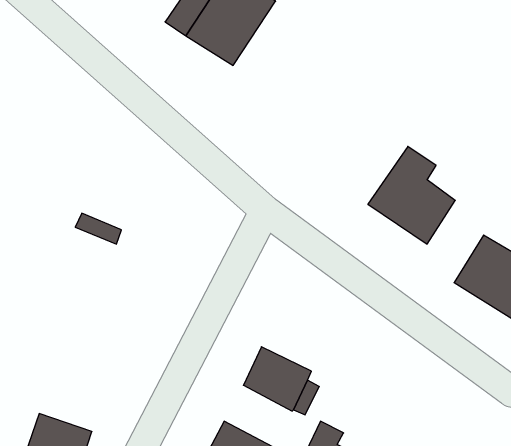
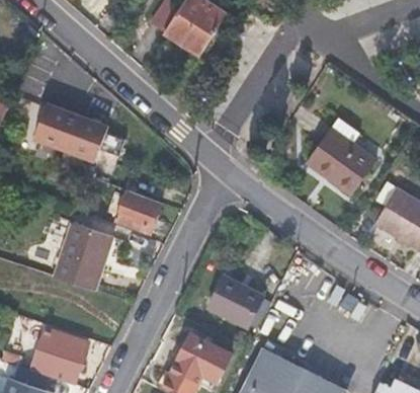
building: none -> [38,104,114,163]
building: none -> [117,190,162,233]
building: none -> [56,224,111,290]

